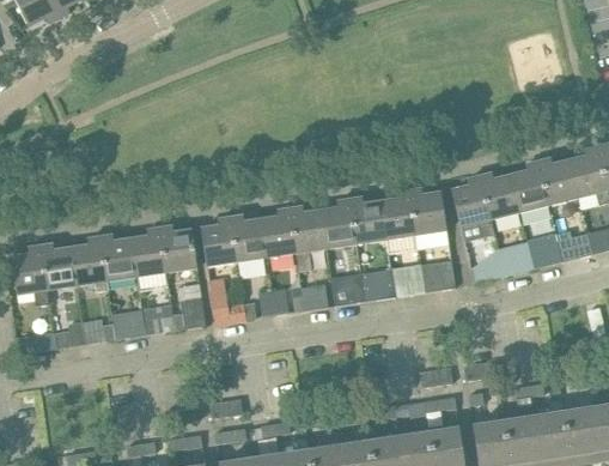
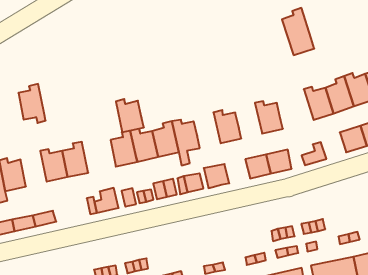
building: [451,175,494,241] -> [282,8,314,55]
building: [380,189,416,238] -> none
building: [321,199,357,248] -> none
building: [160,225,197,272] -> [116,99,144,132]
building: [72,236,108,291] -> [18,84,46,123]
building: [498,240,534,276] -> none
building: [360,268,395,301] -> none
building: [111,310,146,338] -> none

